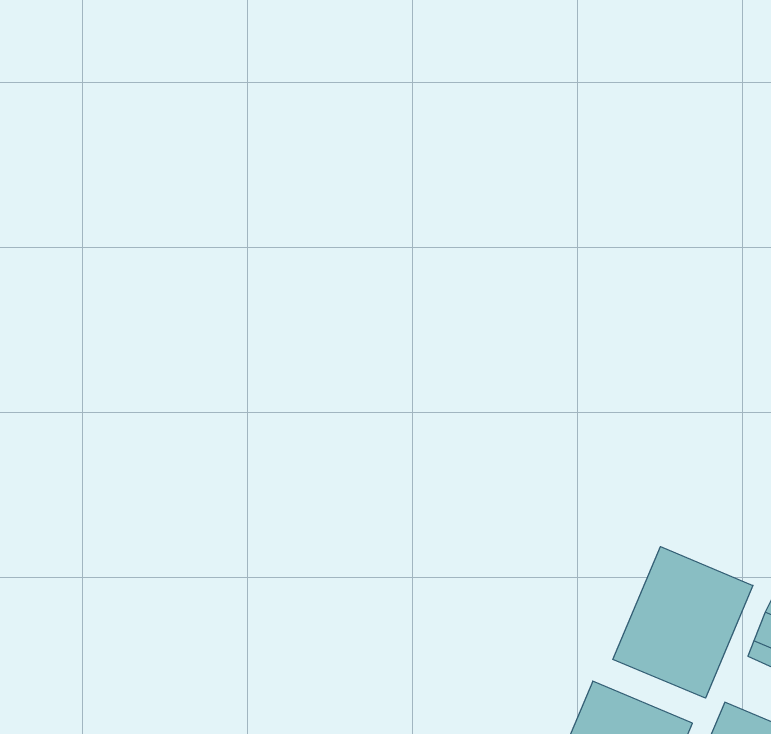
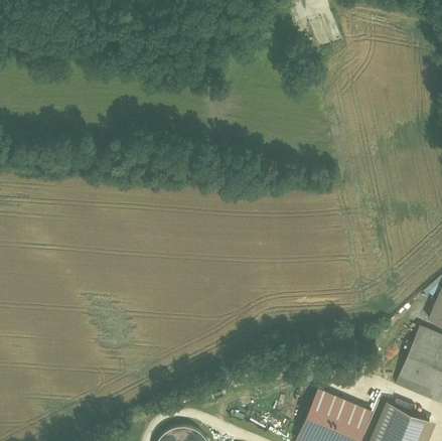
building: [613,547,753,698] -> none

